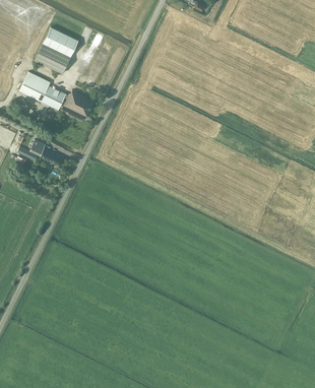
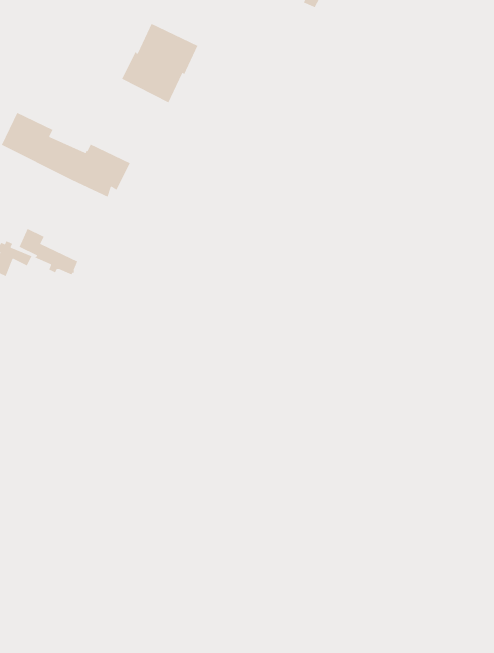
building: [34,26,78,73] -> [121,23,199,104]

